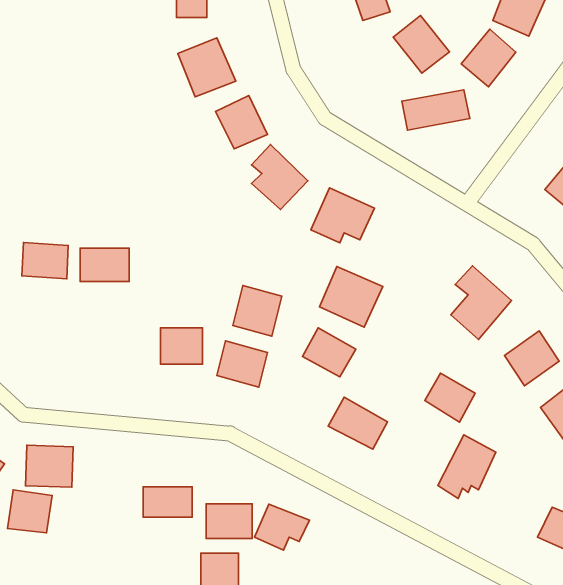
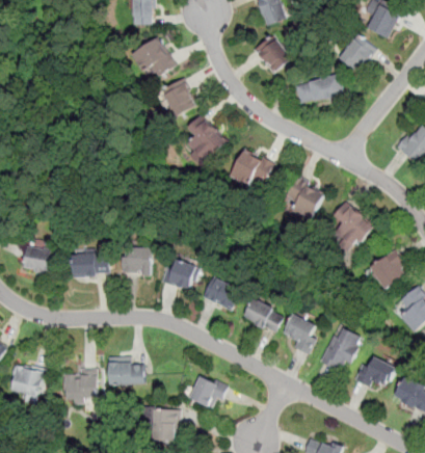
building: [393,16,449,73] -> [251,33,292,75]
building: [22,243,68,279] -> [23,246,56,272]
building: [80,248,129,282] -> [72,252,107,276]
building: [319,266,383,327] -> [278,177,324,220]
building: [233,286,282,336] -> none
building: [302,328,356,377] -> [202,275,240,311]
building: [425,373,475,422] -> [281,315,317,350]
building: [26,445,73,487] -> [62,370,97,400]
building: none -> [353,357,395,389]
building: [206,504,252,539] -> none

